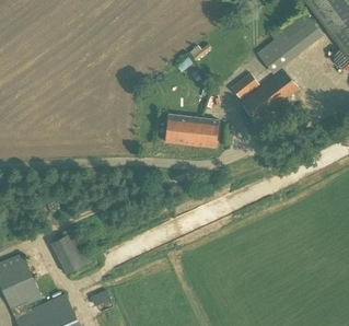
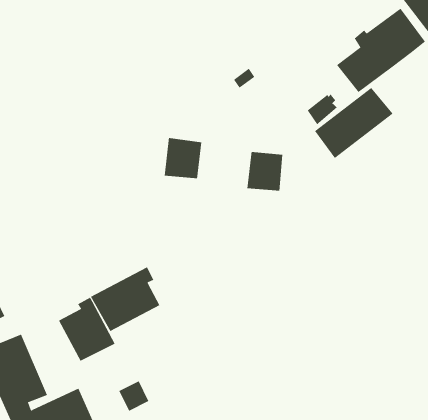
building: [164,114,193,144] -> [164,138,202,179]
building: none -> [90,266,160,332]

